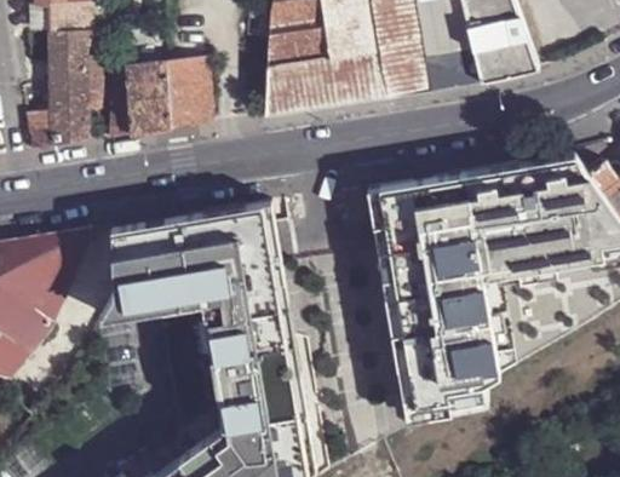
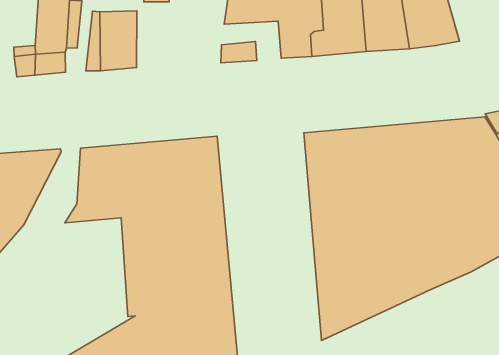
building: [163,58,209,128] -> none
building: [264,62,334,109] -> none

